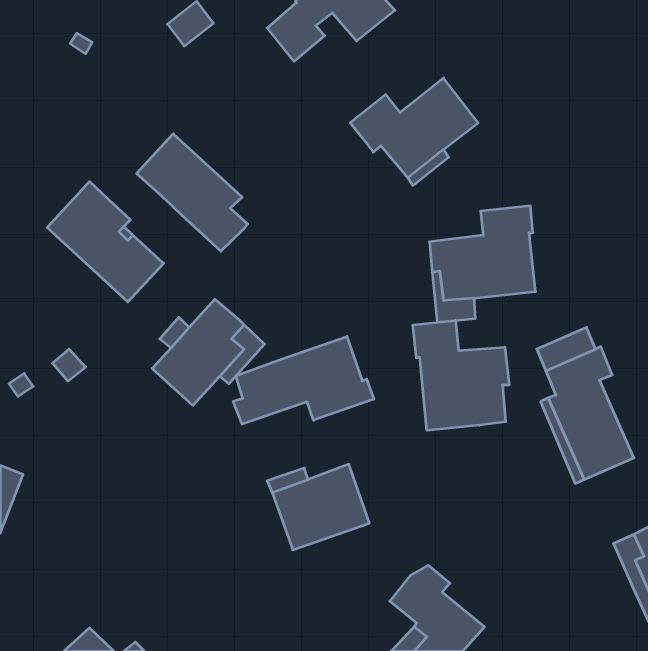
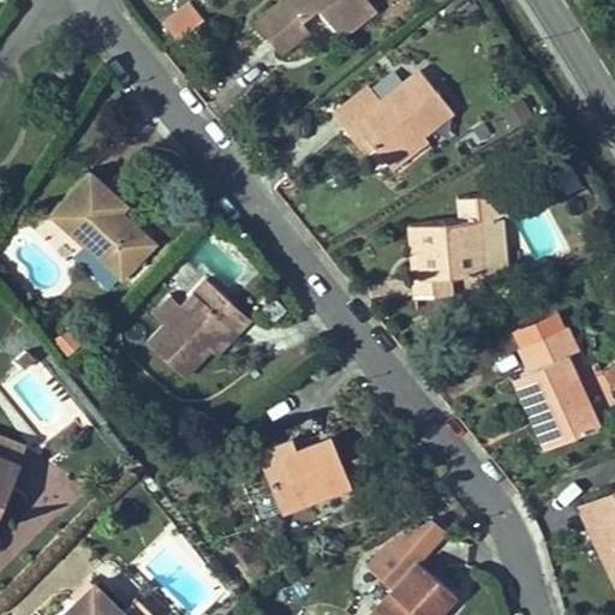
building: [137,134,248,251] -> none
building: [413,320,509,430] -> none
building: [233,336,374,424] -> none

